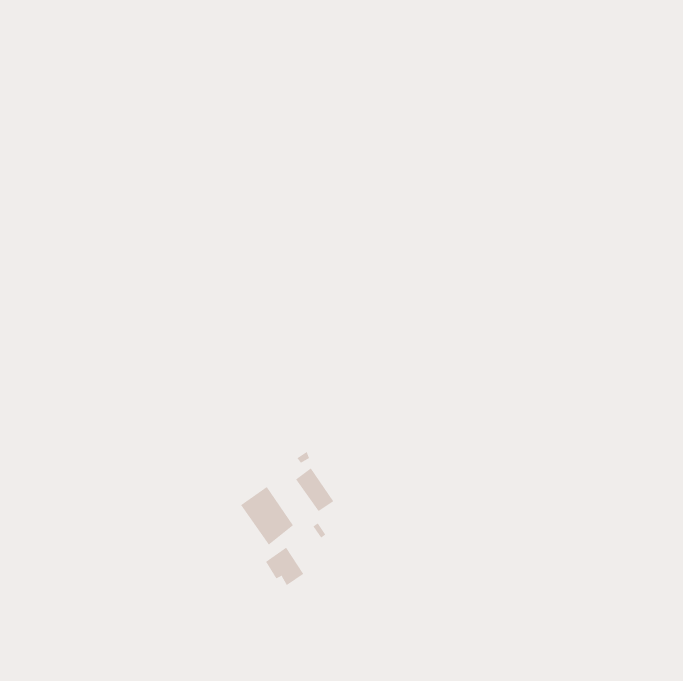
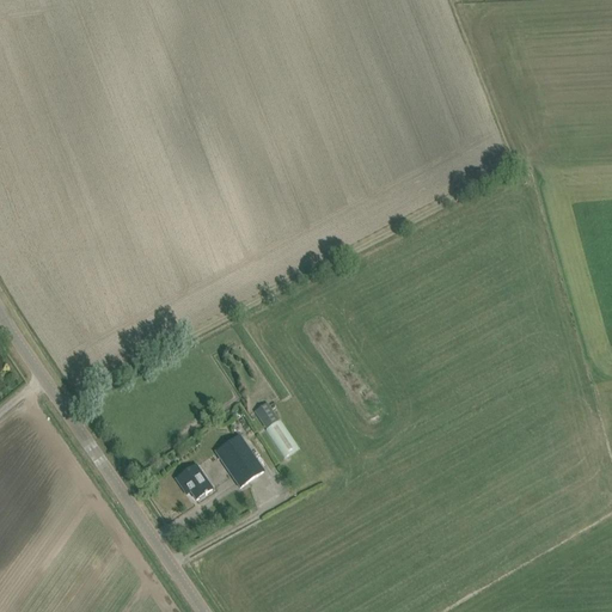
building: [265,547,304,586] -> [175,463,209,497]

